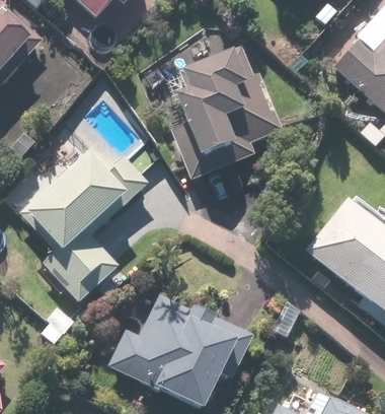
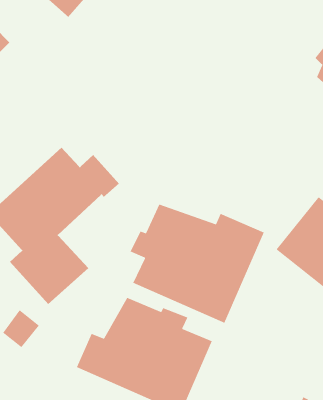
building: [170,45,284,180] -> none
building: none -> [130,203,265,324]

